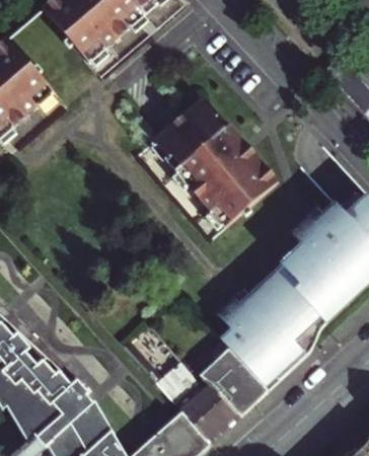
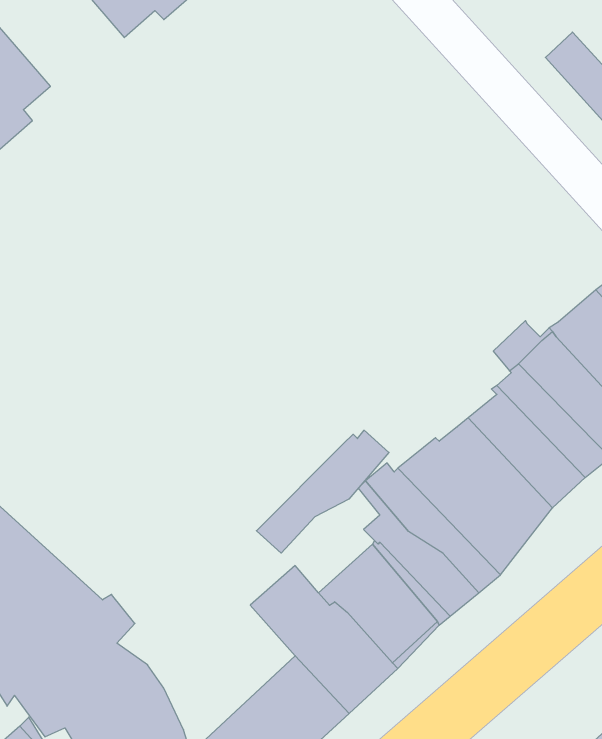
building: [157,97,282,226] -> none
building: none -> [256,430,389,553]

